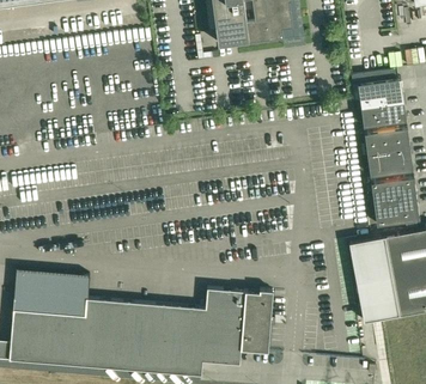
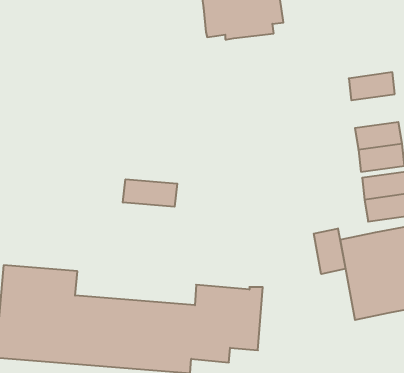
building: [360,100,406,127] -> none
building: none -> [123,179,177,207]
building: none -> [314,228,346,274]

